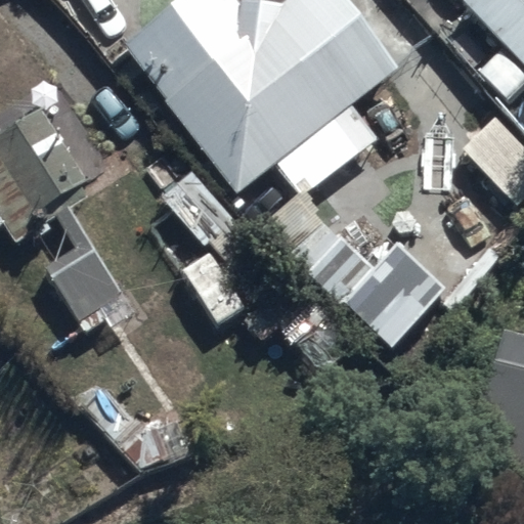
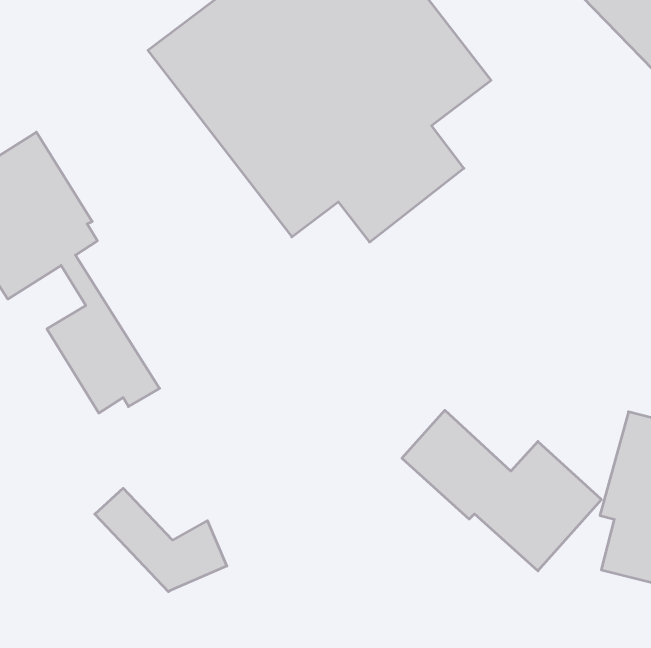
building: [286,219,443,346] -> [402,410,601,571]

